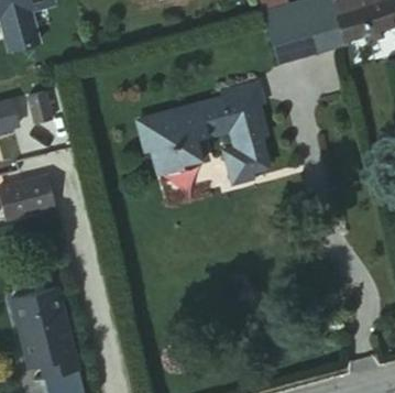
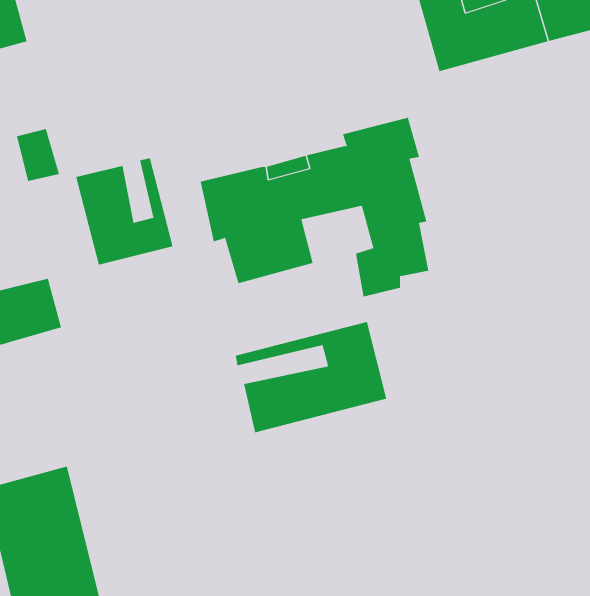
building: none -> [76,157,173,266]
building: none -> [235,321,387,433]

